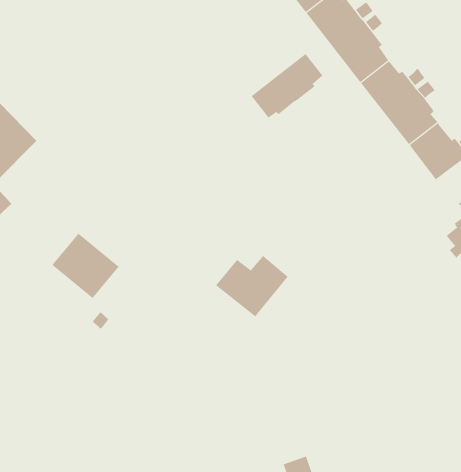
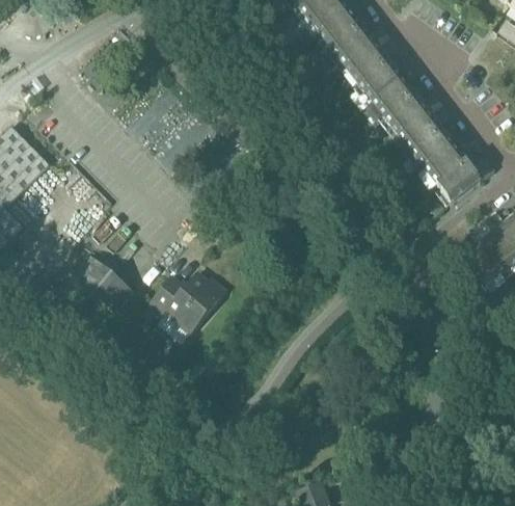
building: [251,53,323,118] -> none
building: [215,255,289,317] -> [150,272,223,335]

